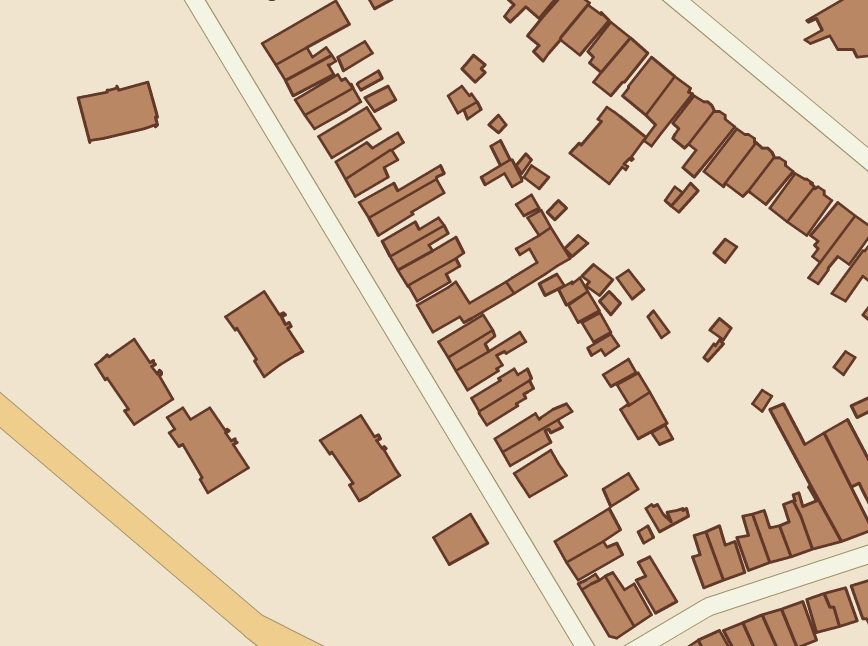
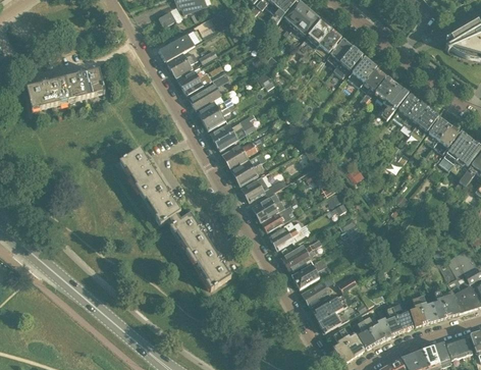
building: none -> [25,77,68,110]
building: [570,107,646,184] -> none
building: [95,339,173,424] -> [119,148,160,193]
building: [167,408,249,493] -> [168,213,211,258]
building: [434,514,488,565] -> [302,279,330,306]
building: none -> [363,316,391,342]

